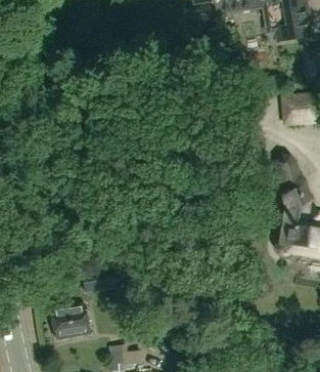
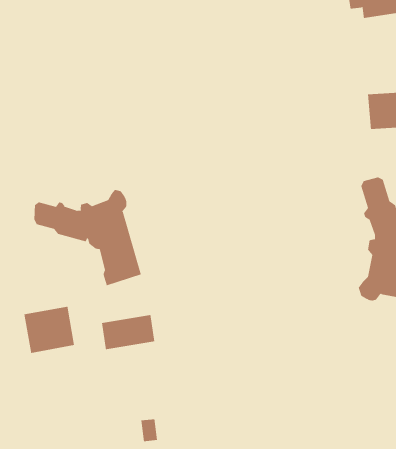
building: none -> [34,189,142,286]
building: [52,301,91,337] -> [24,306,75,353]

